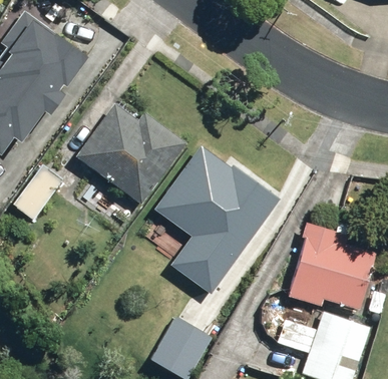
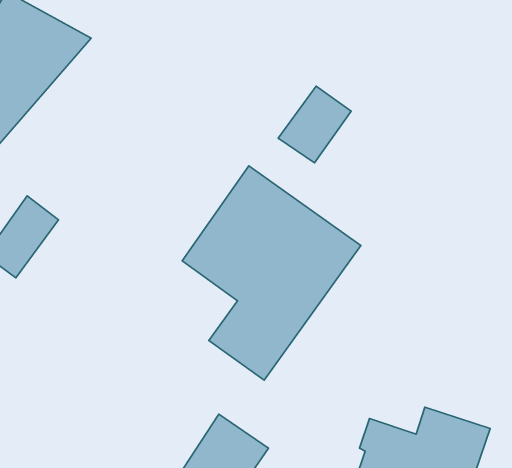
building: none -> [278,86,351,163]
building: [74,102,187,205] -> none
building: [287,224,373,309] -> none

